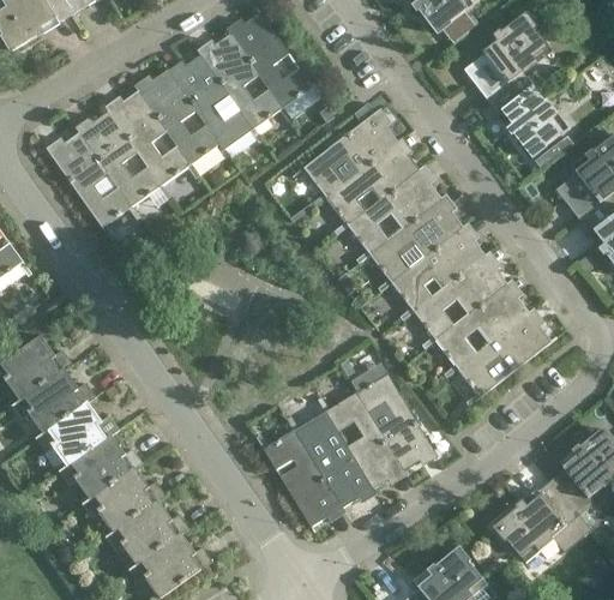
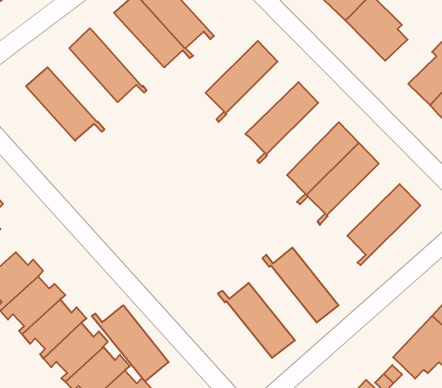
building: [171,53,263,149] -> none
building: [109,90,200,186] -> none
building: [49,131,142,227] -> none
building: [324,139,420,234] -> none
building: [368,197,464,292] -> none
building: [434,282,530,377] -> none
building: [318,392,405,490] -> none
building: [255,430,344,528] -> [92,305,169,382]

